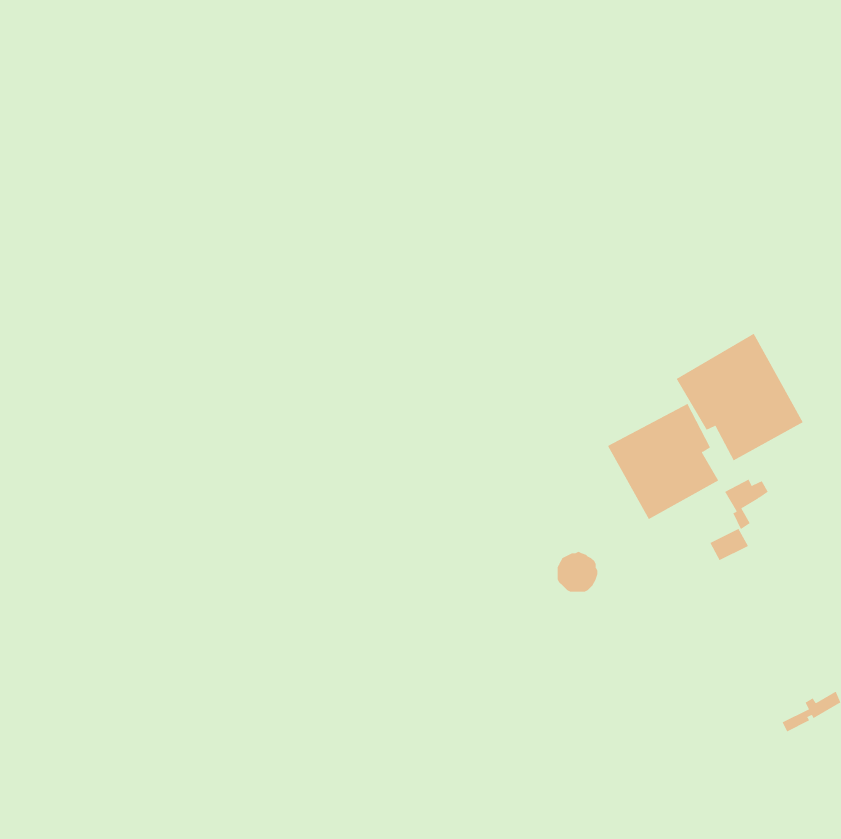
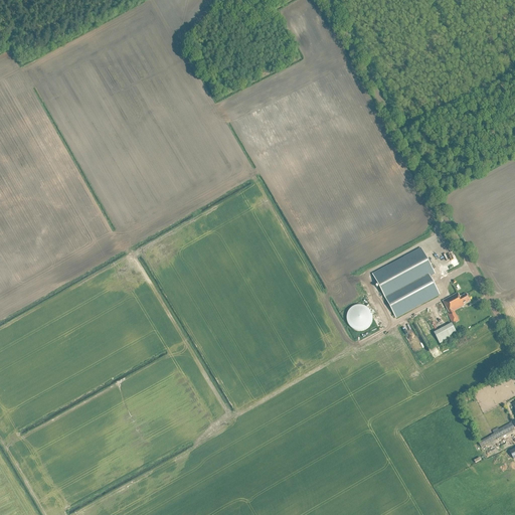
building: [676,333,804,461] -> none
building: [557,551,598,592] -> [347,305,372,330]

